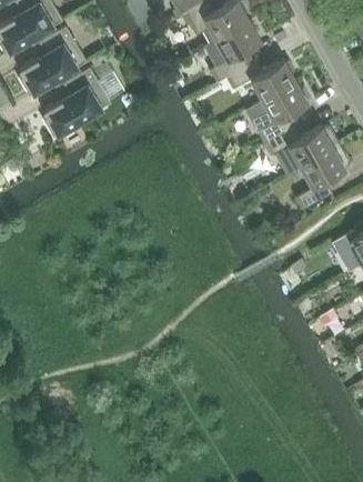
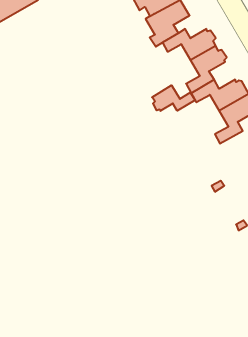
building: [18,27,85,96] -> none
building: [42,68,109,137] -> none
building: none -> [152,85,195,111]

